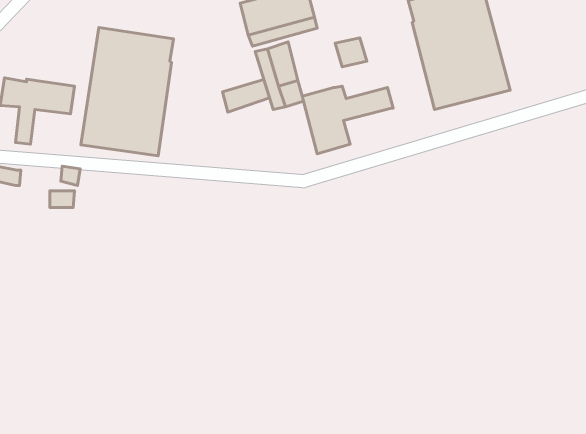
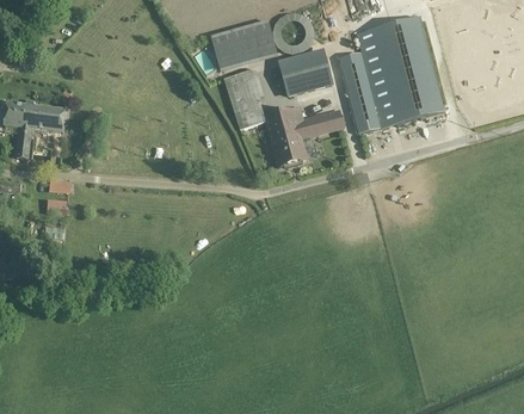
building: none -> [278,50,331,93]
building: none -> [338,51,378,132]
building: [81,27,173,156] -> none
building: [223,79,269,112] -> none

